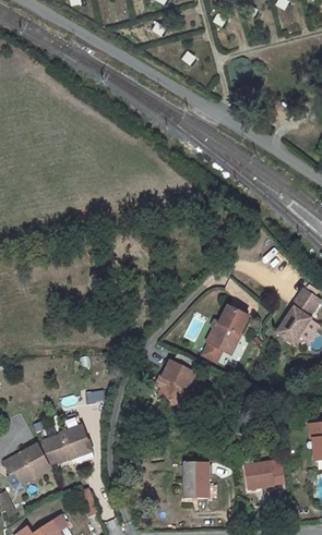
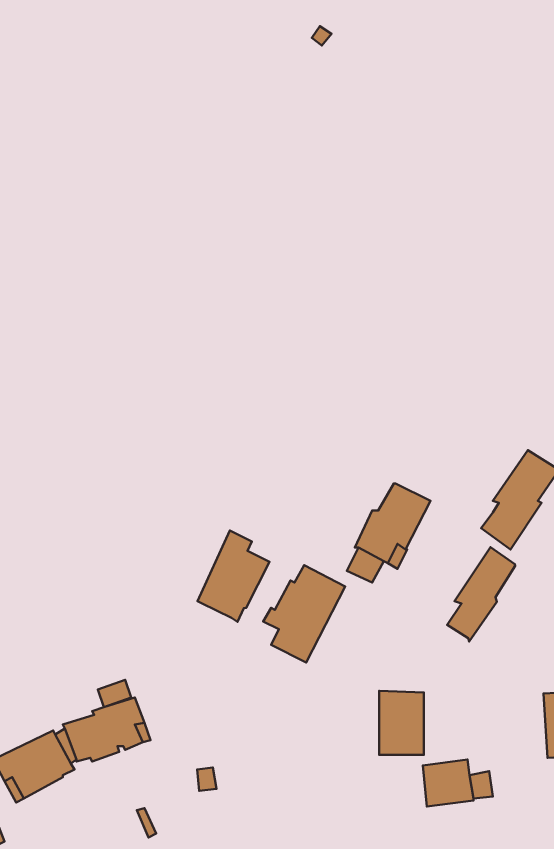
building: none -> [197,530,270,622]
building: none -> [447,547,515,642]
building: [183,461,208,497] -> [379,691,424,755]

